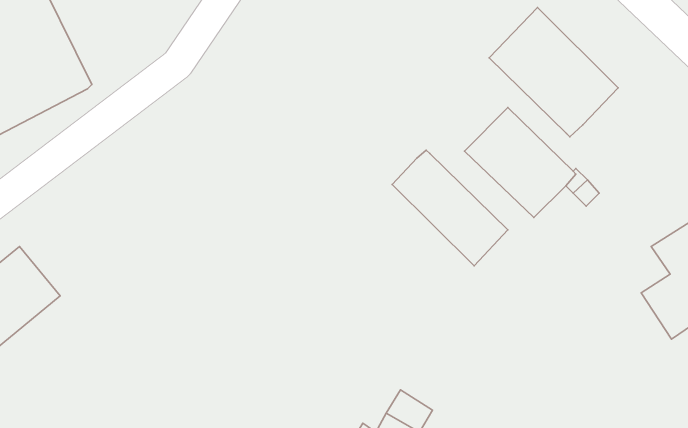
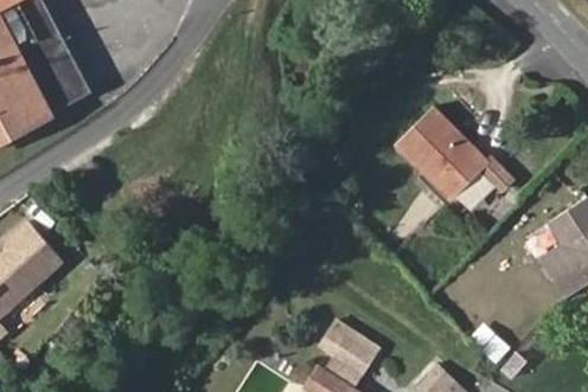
building: [489,8,618,137] -> none
building: [392,150,508,266] -> none

